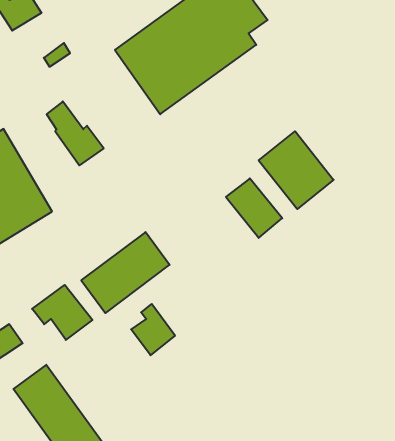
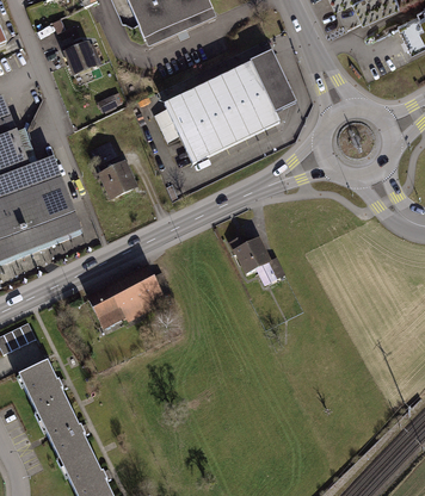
building: [259,131,334,209] -> none
building: [32,285,92,340] -> none
building: [131,304,175,355] -> none

